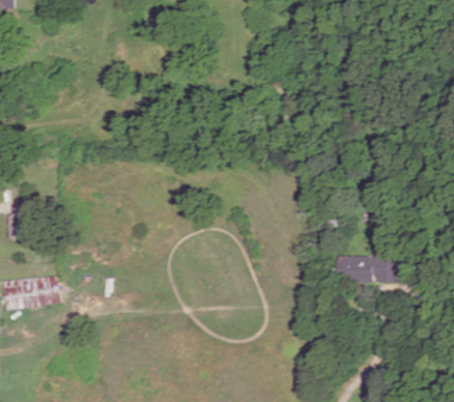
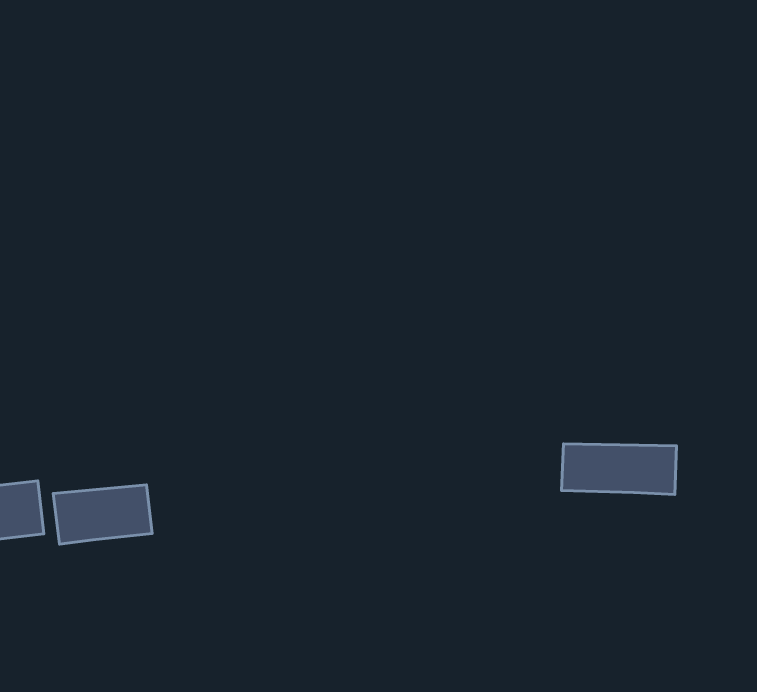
building: none -> [53,485,152,544]

